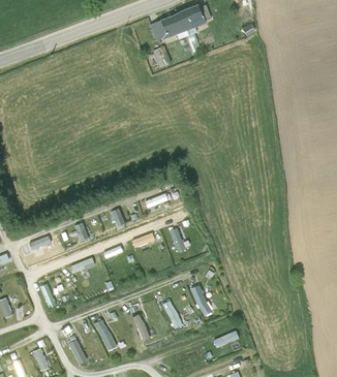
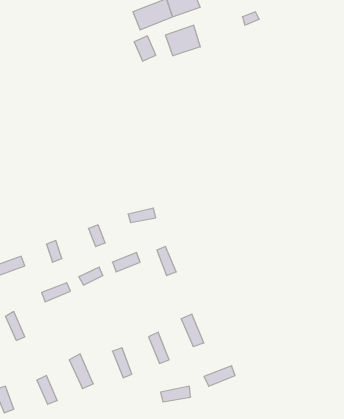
building: none -> [165,25,200,56]

